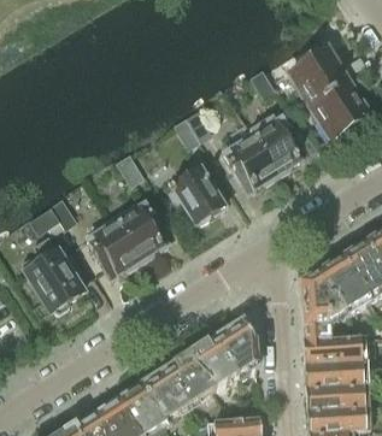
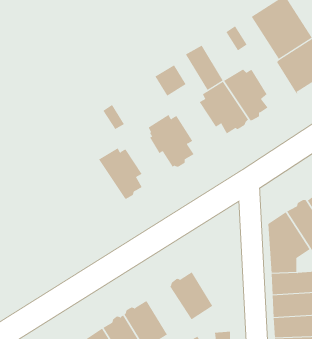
building: none -> [185,45,224,91]
building: [31,200,76,234] -> none
building: [87,216,143,273] -> none
building: [25,237,83,313] -> none
building: [217,320,257,375] -> none
building: [168,353,216,406] -> none

